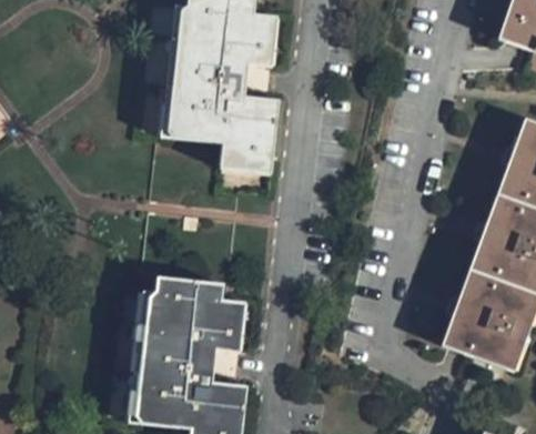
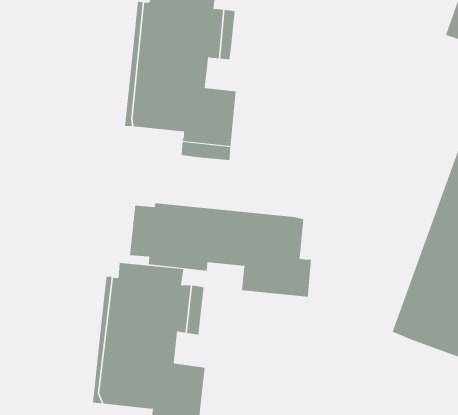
building: none -> [130,202,312,298]

